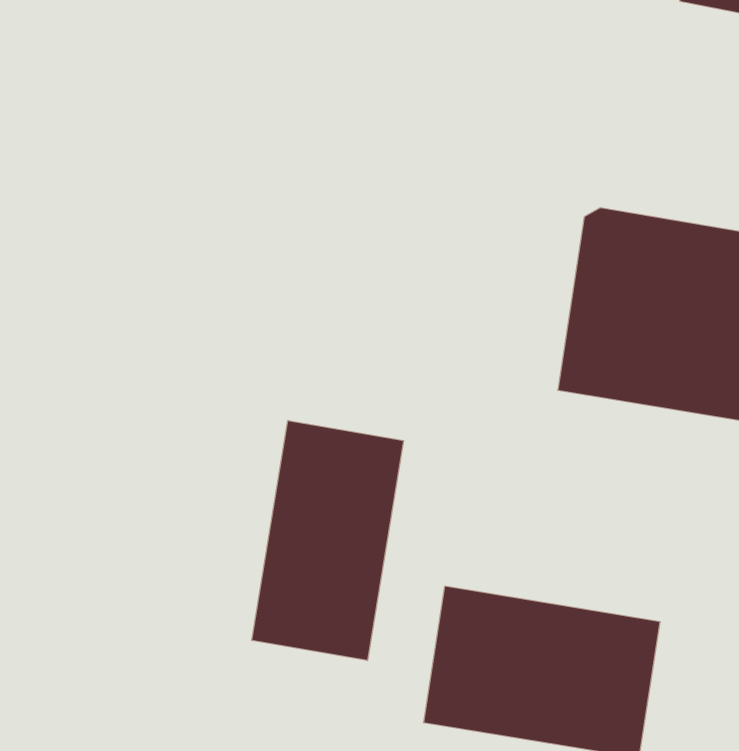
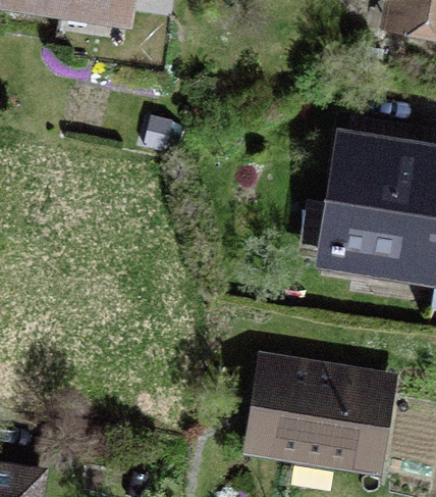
building: [252,420,404,661] -> none

